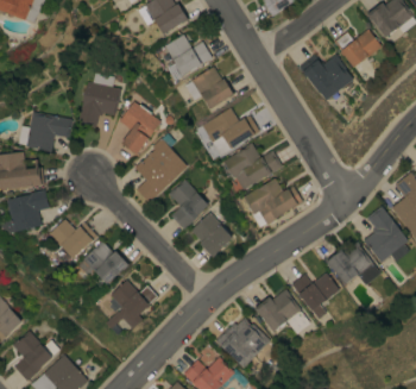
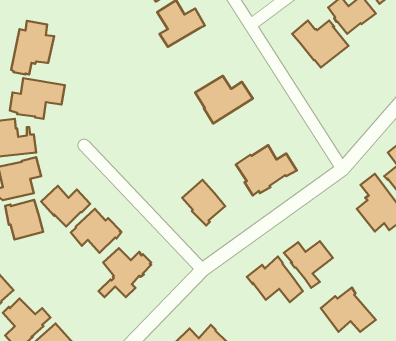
building: [184,65,234,109] -> none
building: [77,73,120,126] -> [11,21,54,75]
building: [119,101,160,153] -> none
building: [133,133,187,202] -> none
building: [222,143,282,189] -> none
building: [168,178,208,228] -> none
building: none -> [5,200,43,239]
building: [326,240,380,284] -> [321,288,376,332]
building: [215,316,270,365] -> none

